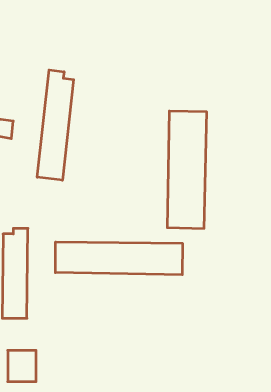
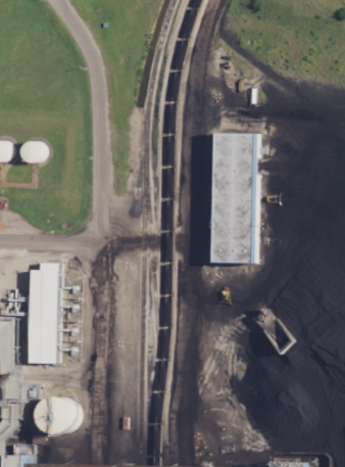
building: [37,70,74,180] -> none
building: [55,242,182,275] -> none

